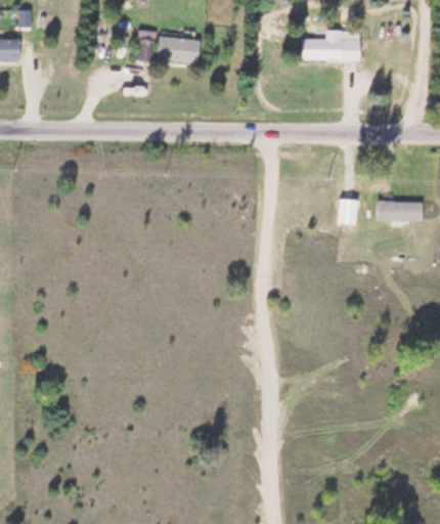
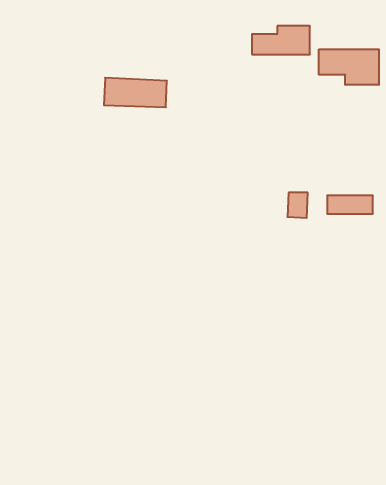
building: [136,33,200,62] -> [104,78,167,107]
building: none -> [319,49,379,85]

